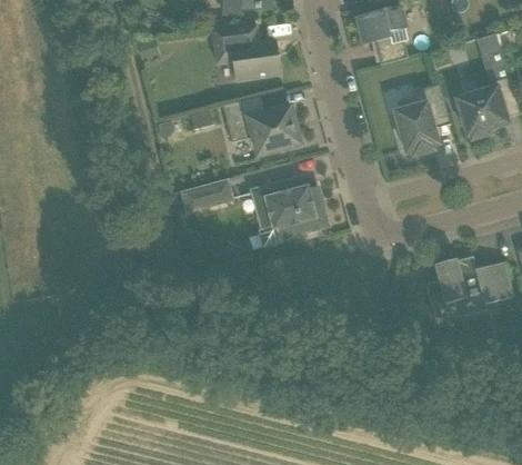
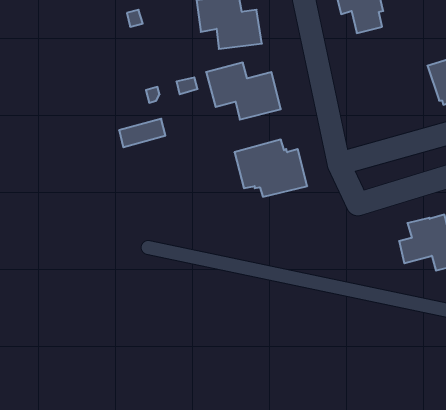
building: [394,82,448,155] -> none
building: [182,179,231,209] -> [119,119,165,147]

